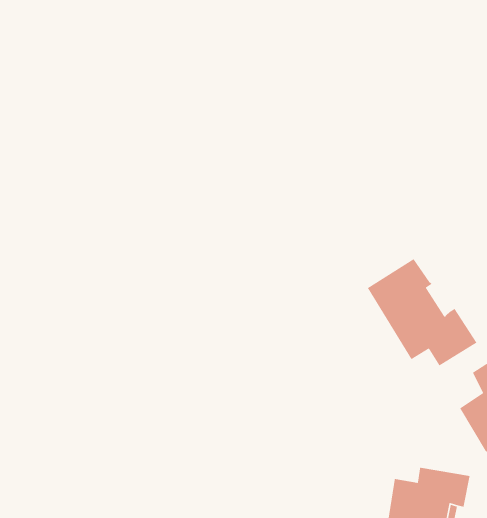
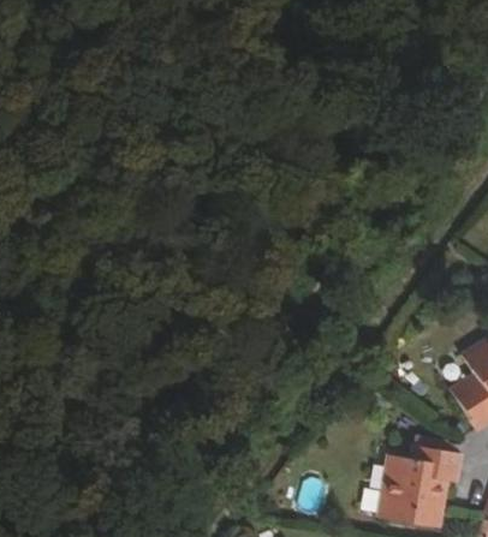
building: [367,258,478,367] -> none

